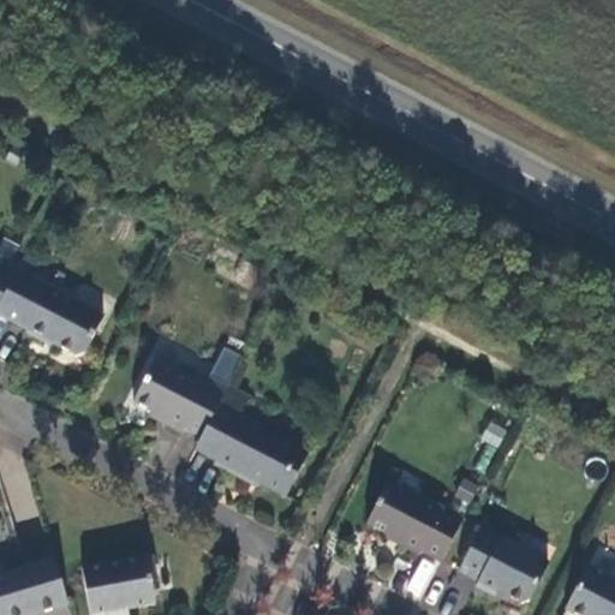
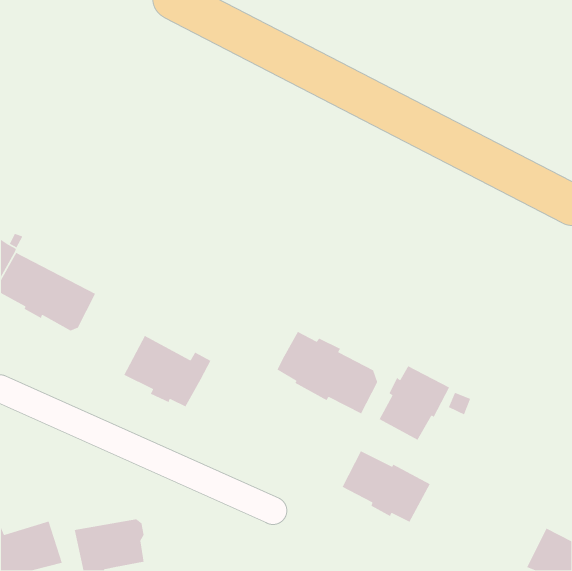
building: none -> [379,365,450,441]
building: [193,407,303,497] -> [276,331,378,415]
building: [458,527,548,603] -> none

